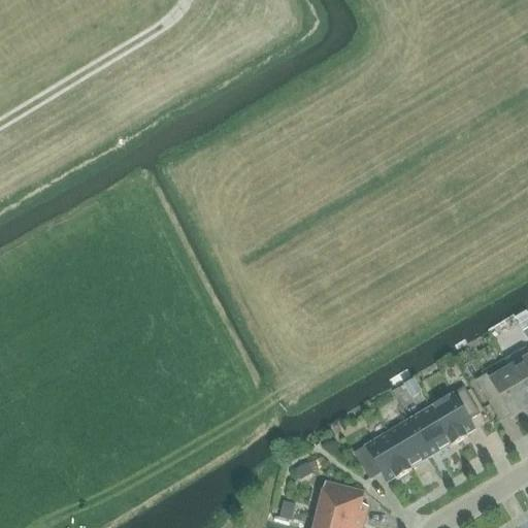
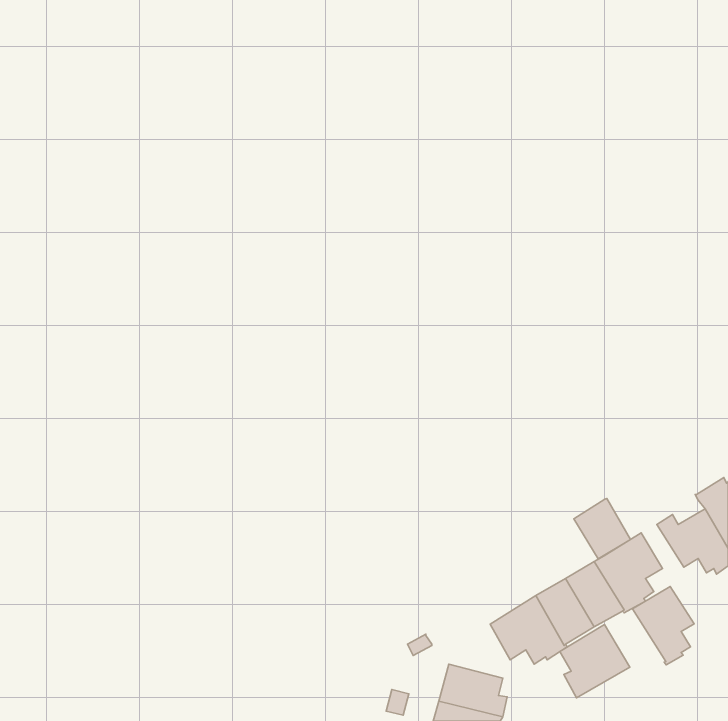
building: none -> [574,498,631,559]
building: none -> [632,587,694,665]
building: none -> [560,624,630,698]

